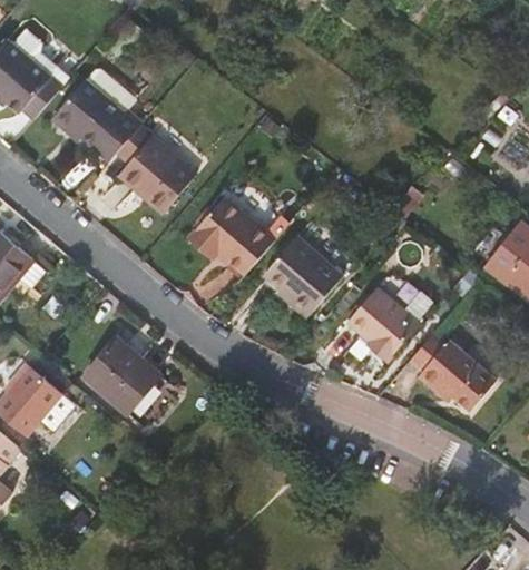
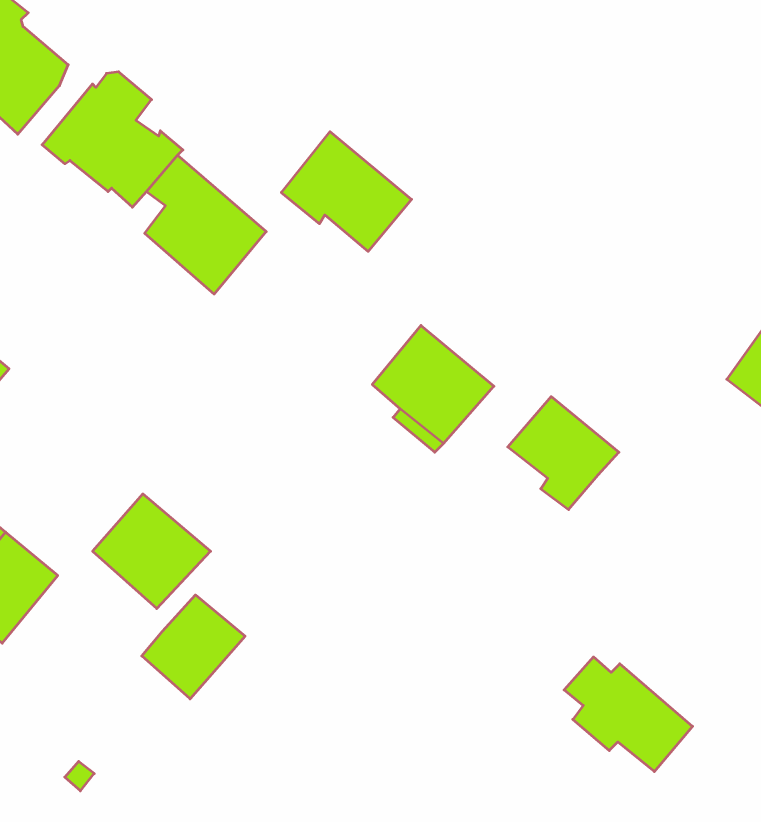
building: [188,197,272,274] -> [281,132,412,251]
building: [408,337,490,411] -> [564,657,693,772]
building: none -> [142,595,245,699]

